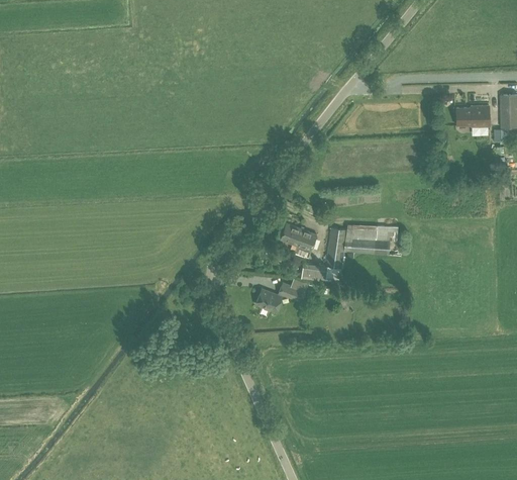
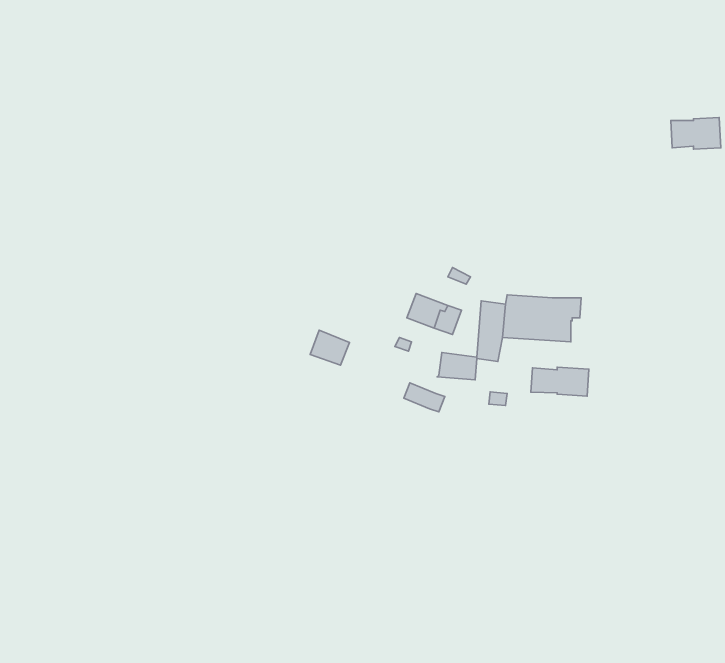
building: none -> [531,367,589,396]
building: [254,288,281,311] -> [310,330,349,365]

